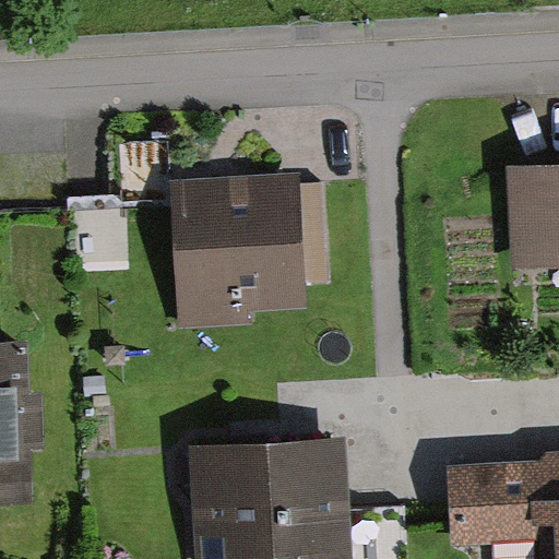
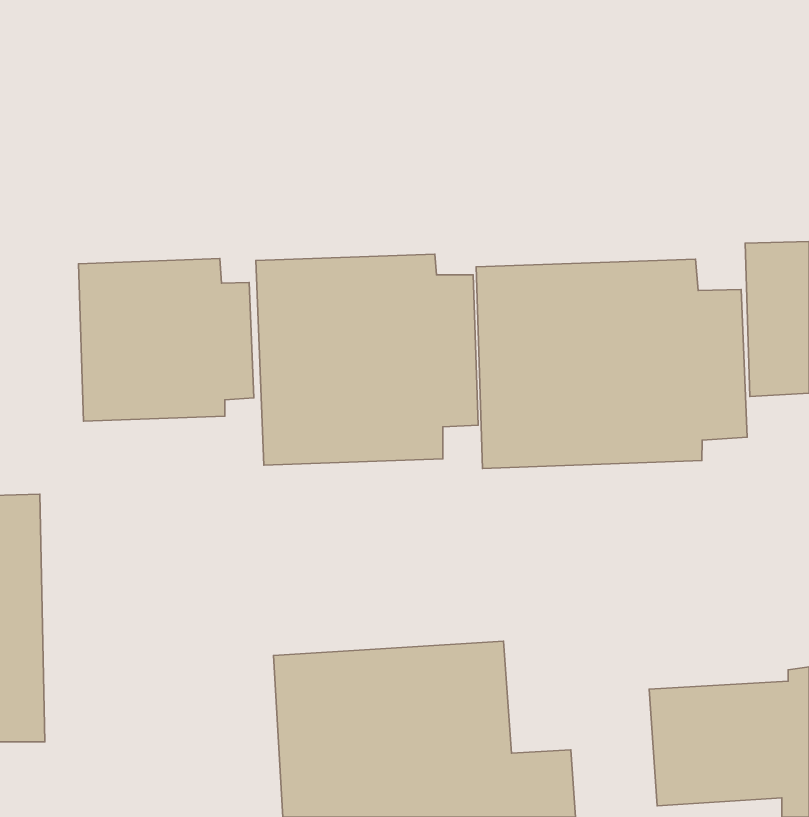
building: none -> [78,259,254,421]
building: none -> [476,259,747,468]

